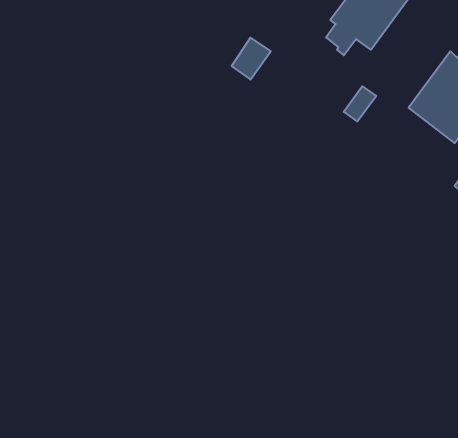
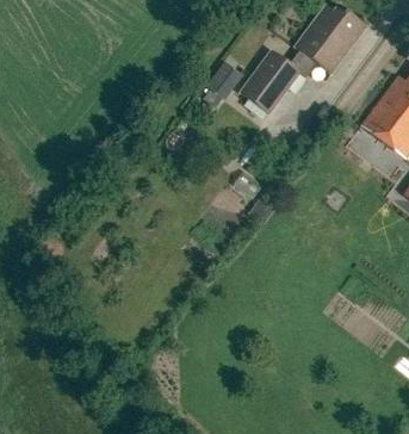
building: none -> [238,49,300,114]

